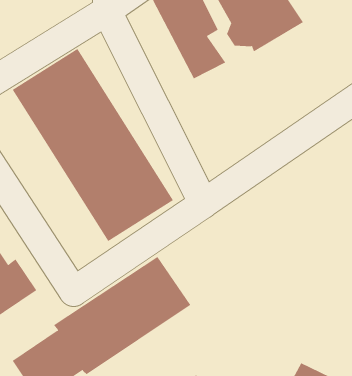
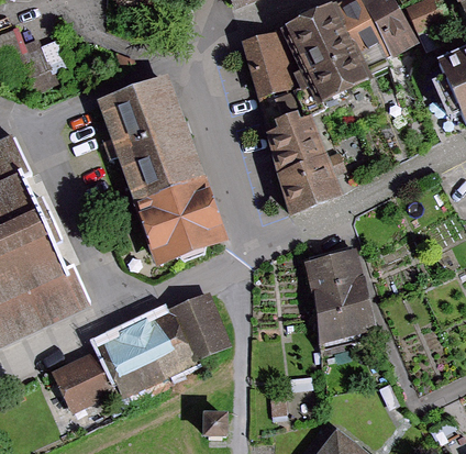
building: none -> [267,113,344,207]
building: none -> [298,242,376,339]

